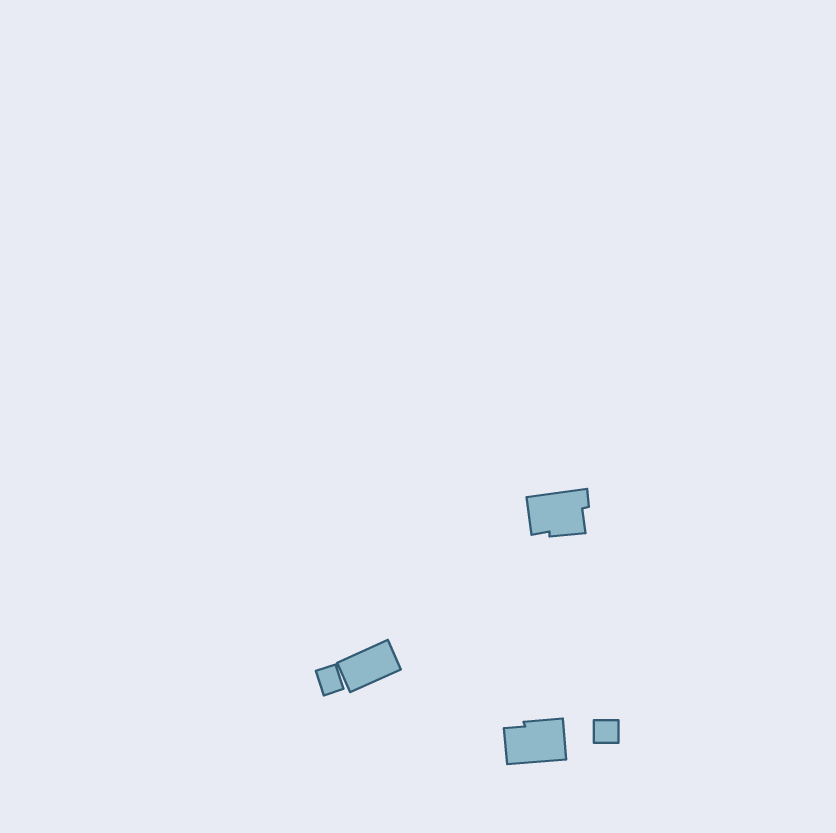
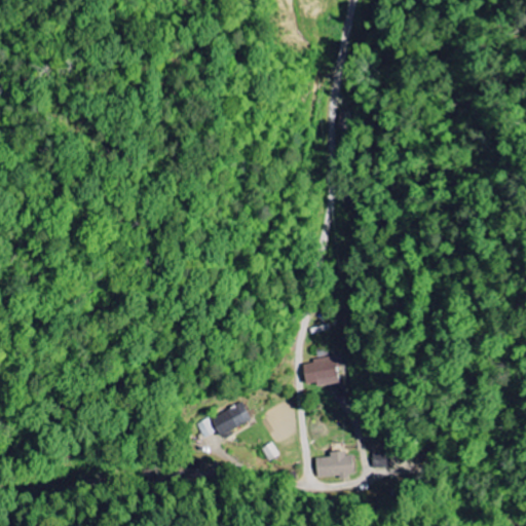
building: [527,489,589,536] -> [303,355,342,385]

